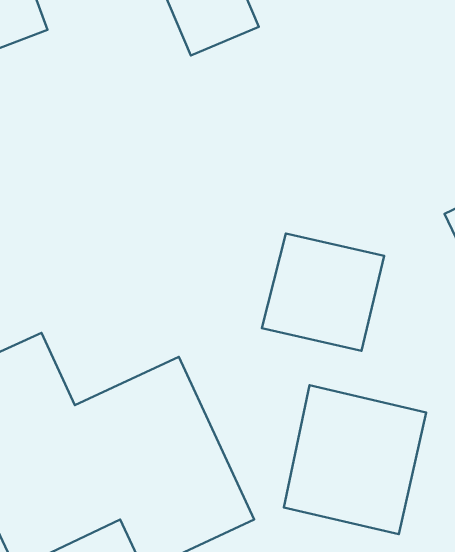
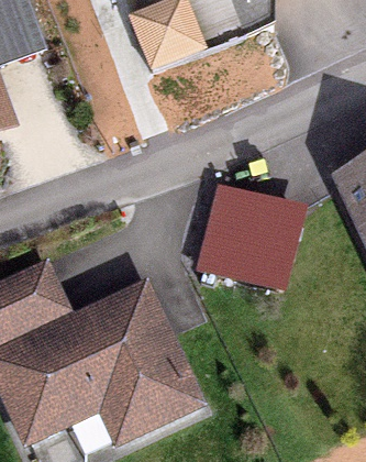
building: [284,385,426,534] -> none

